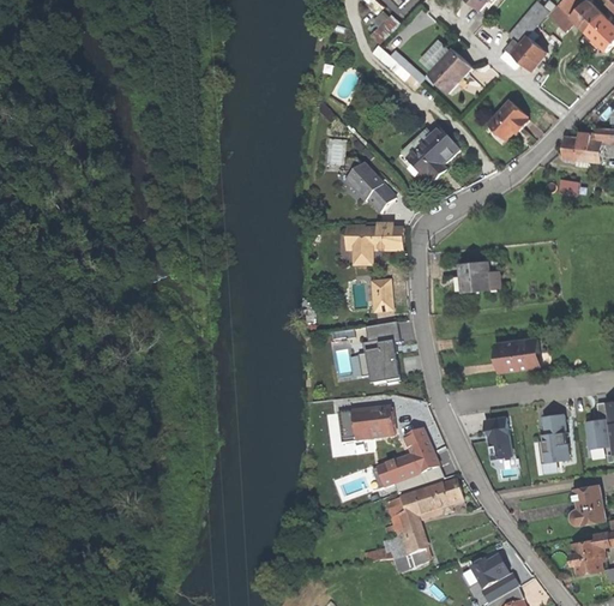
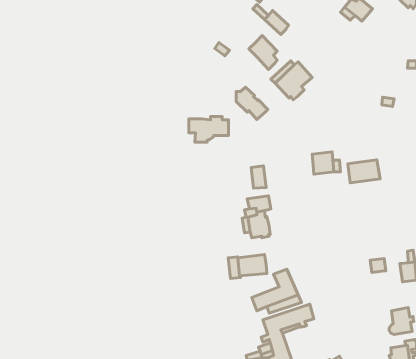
building: [427,47,471,92] -> none
building: none -> [249,35,277,70]
building: [488,98,529,138] -> none
building: [562,131,602,160] -> none
building: [345,223,403,260] -> [189,116,229,142]
building: [494,337,541,371] -> [348,160,380,183]
building: [483,415,512,457] -> none
building: [538,431,568,461] -> none

